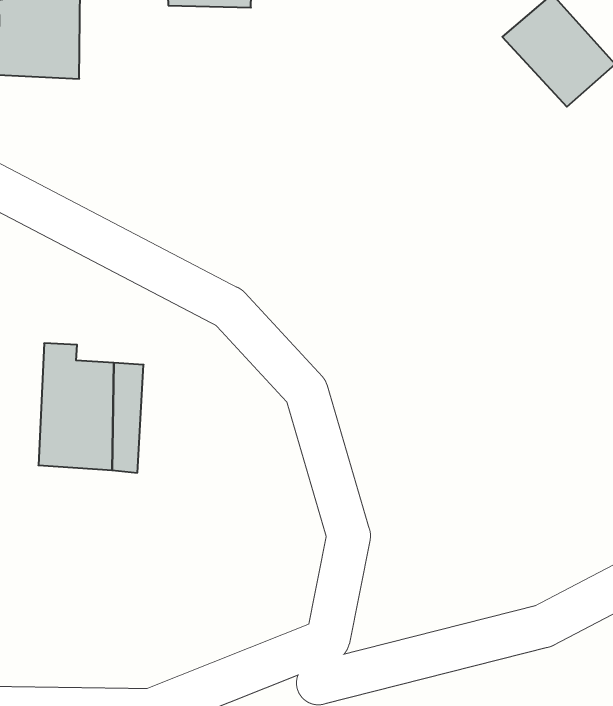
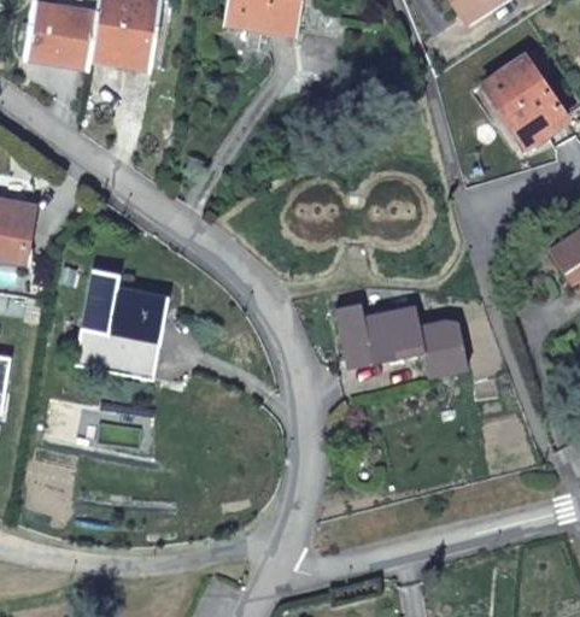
building: none -> [336,305,469,377]

